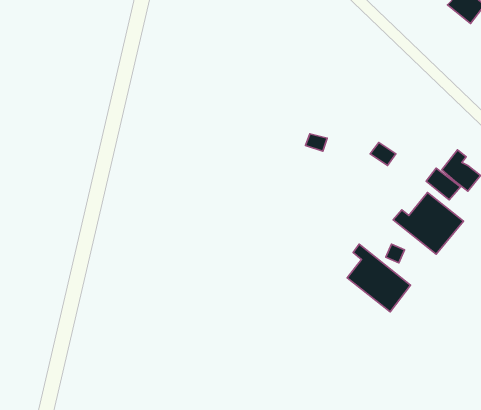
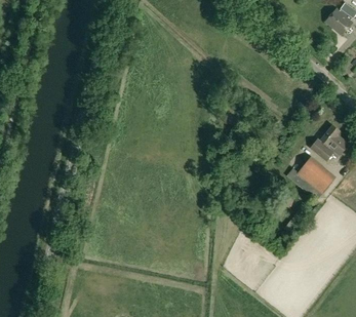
building: [347,244,411,312] -> none

